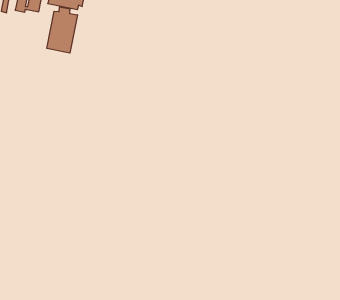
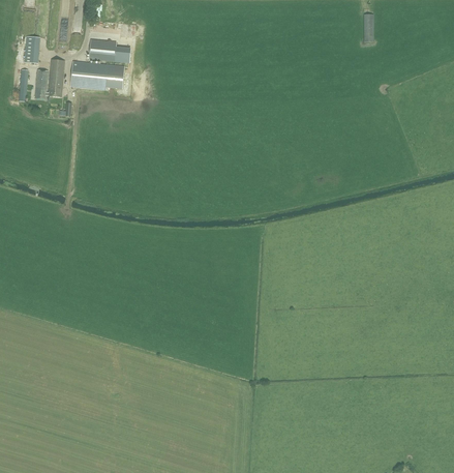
building: [47,7,77,53] -> none

